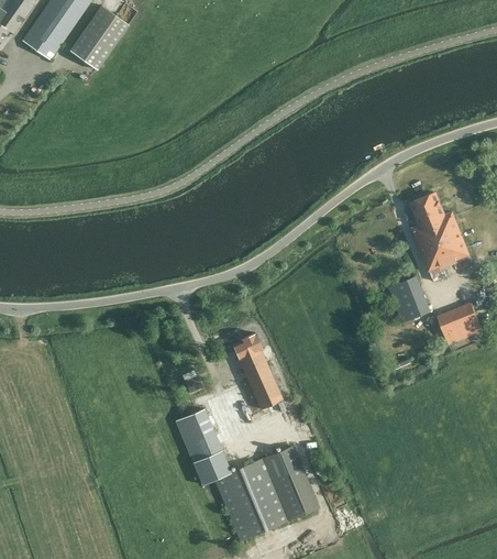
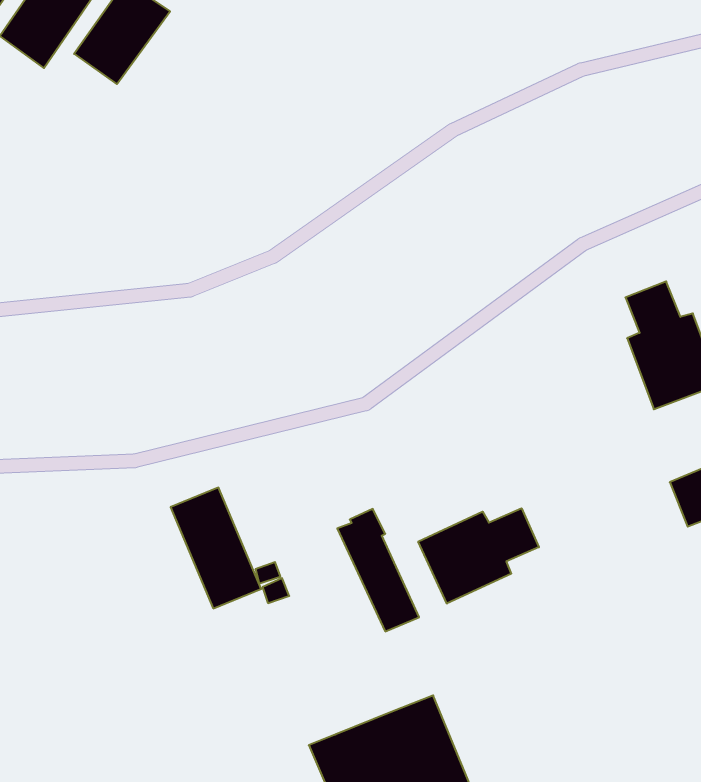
building: [389,276,428,321] -> none
building: none -> [418,508,539,604]
building: [175,409,231,484] -> [171,488,261,608]

